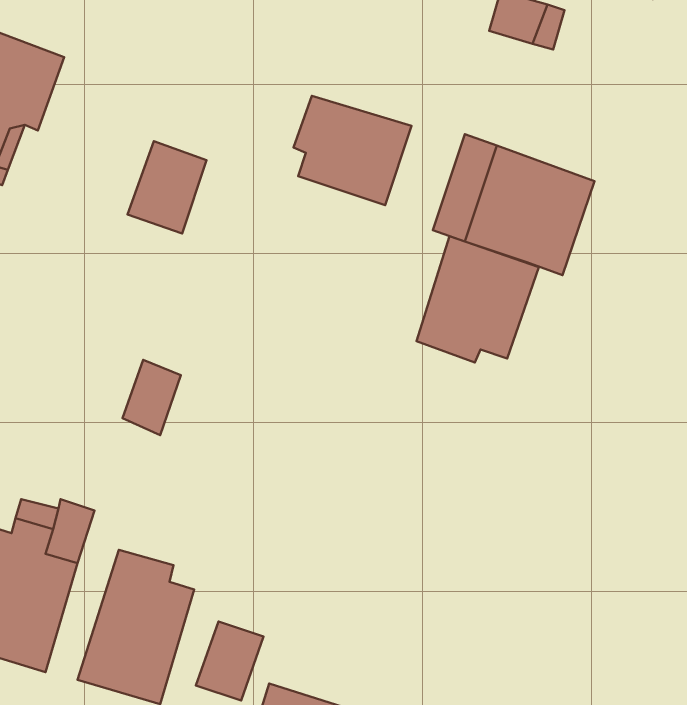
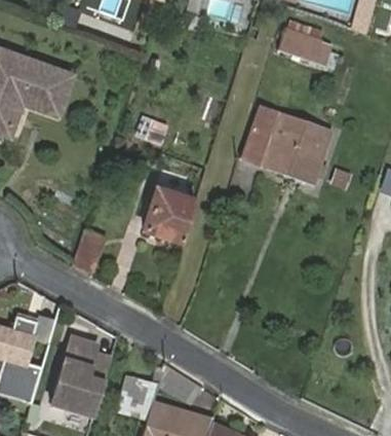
building: [294,96,411,205] -> none
building: [128,141,207,233] -> [28,66,71,116]
building: [417,236,539,362] -> none
building: none -> [145,189,195,240]

